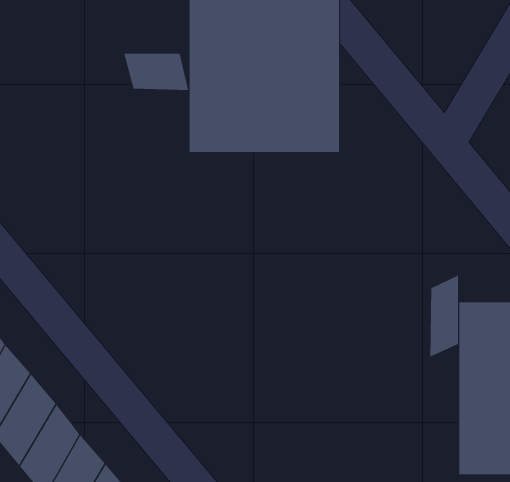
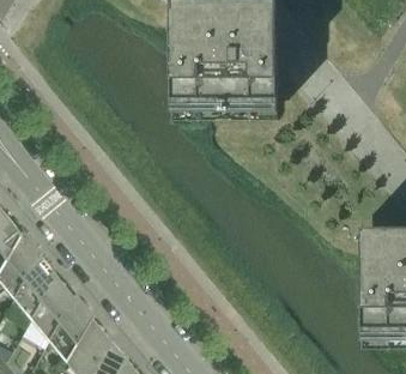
building: [123,53,189,91] -> none
building: [430,274,459,357] -> none

